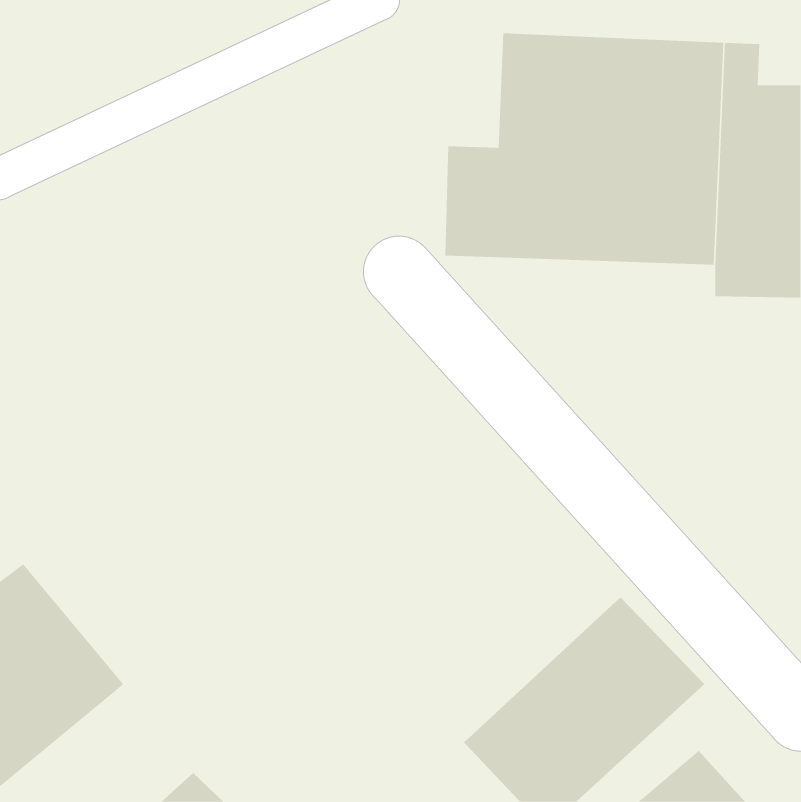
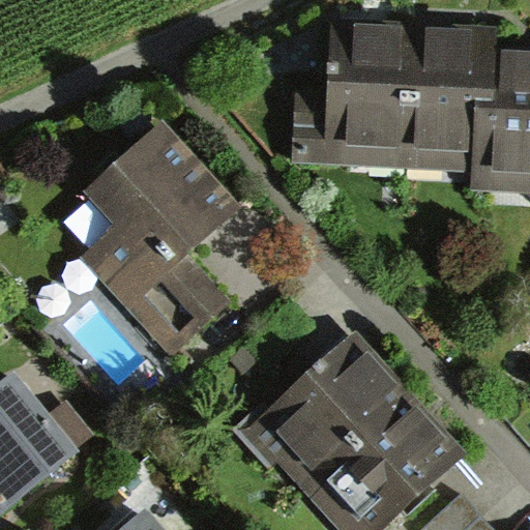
building: none -> [80,120,240,352]
building: none -> [237,334,409,490]

